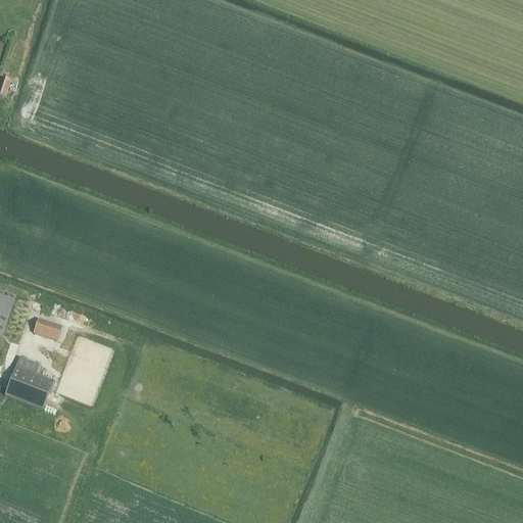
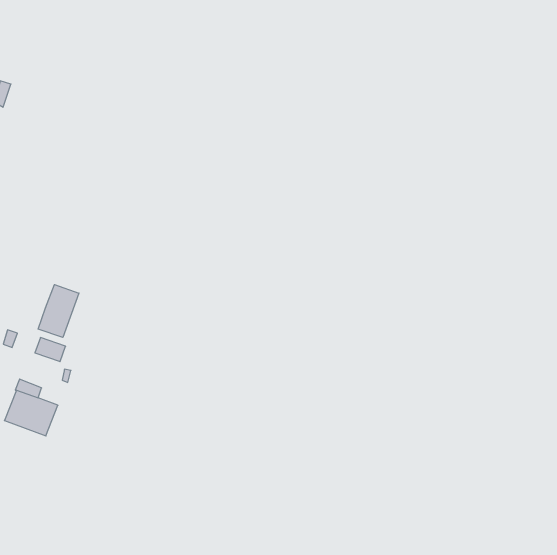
building: none -> [38,285,79,337]

